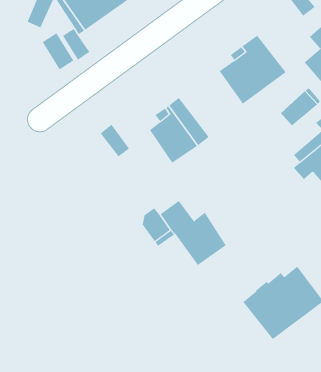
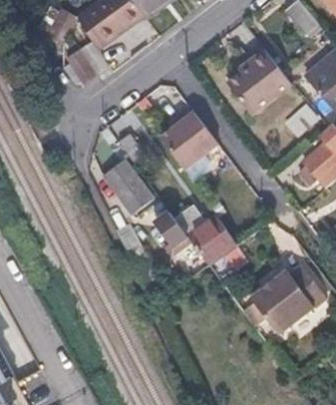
building: none -> [100,158,152,214]

